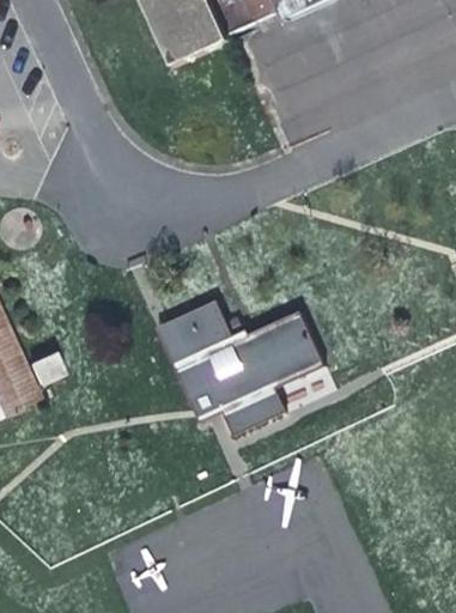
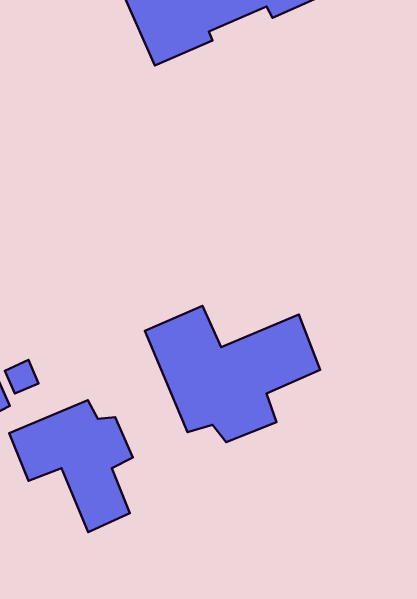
building: none -> [9,400,133,532]

